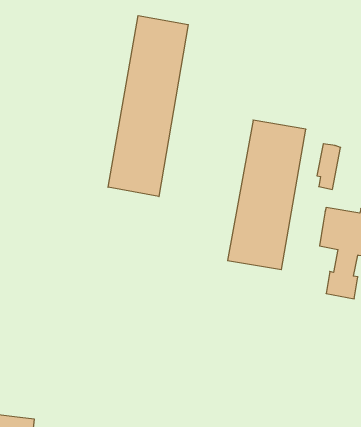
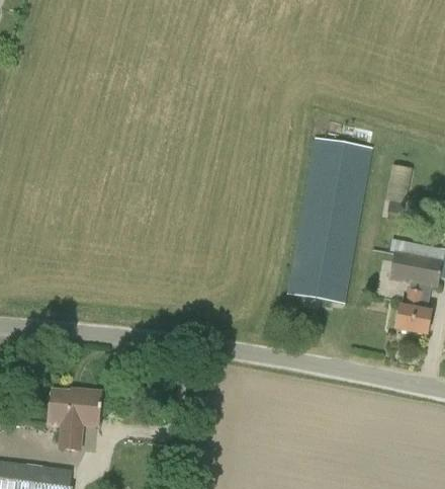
building: [108,16,188,197] -> none
building: none -> [48,388,100,451]

